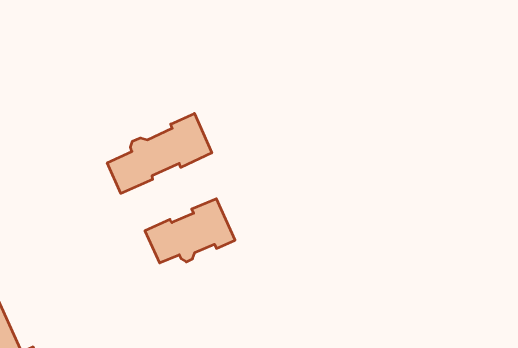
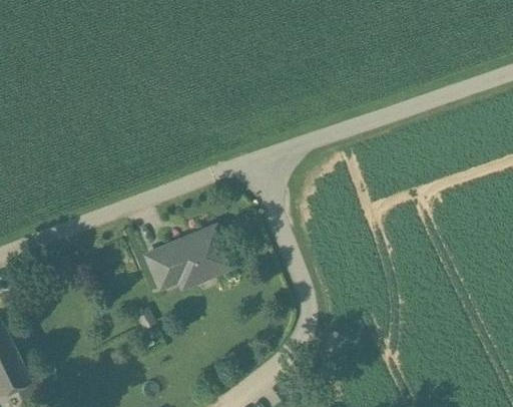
building: [107,113,212,193] -> none

